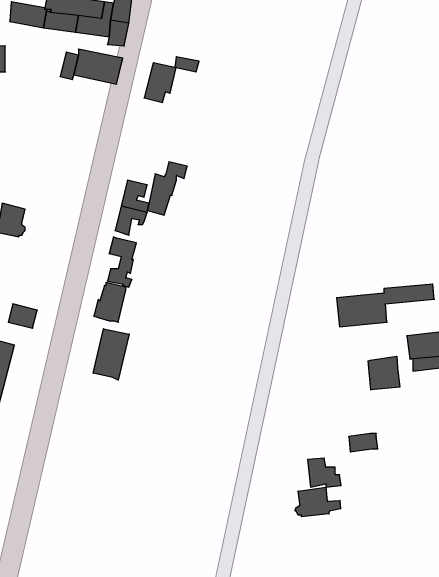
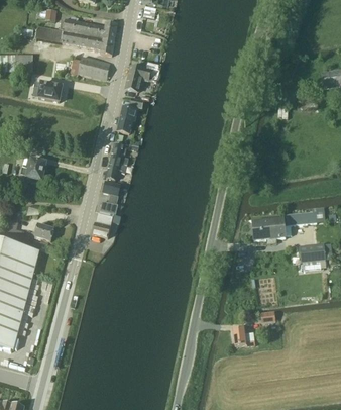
building: none -> [34,81,64,101]
building: [147,162,187,215] -> [117,98,143,133]
building: [93,329,129,380] -> none
building: [368,356,400,390] -> none
building: [295,487,340,517] -> none

